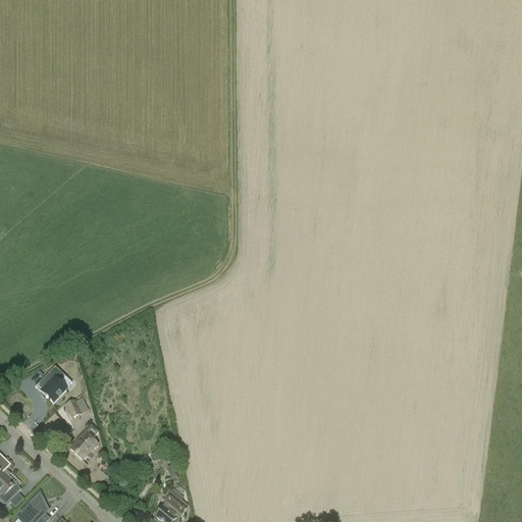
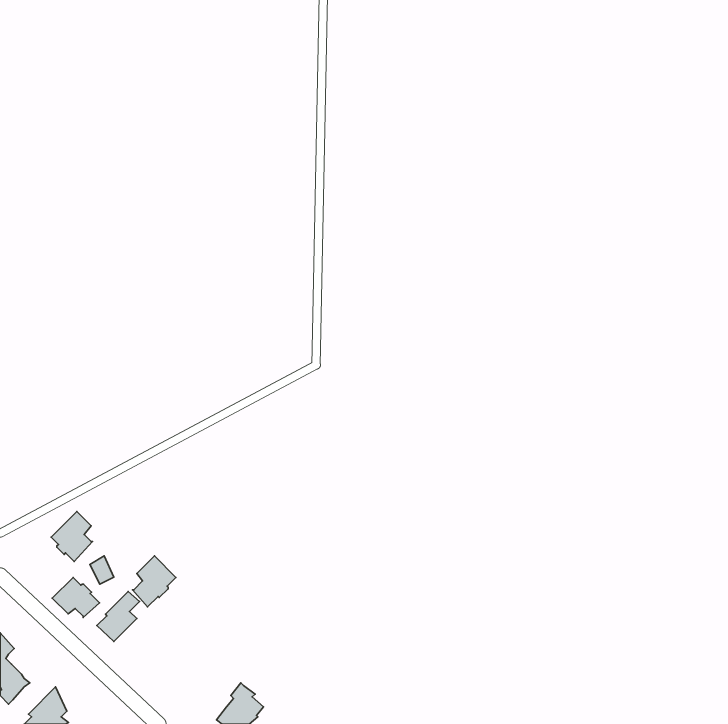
building: none -> [132,556,176,607]
building: none -> [52,577,100,618]

